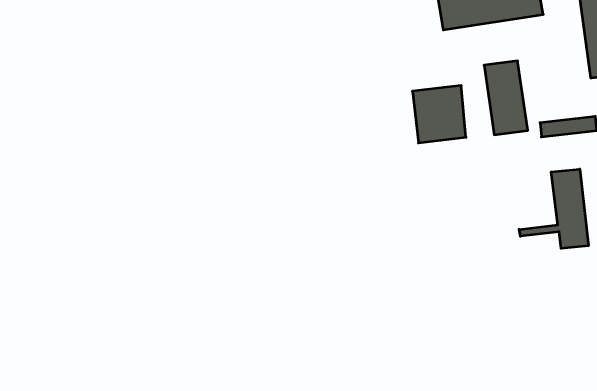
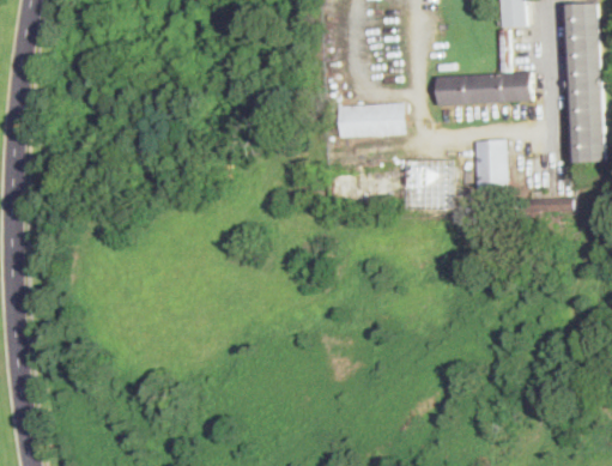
building: none -> [338,103,405,138]
building: [519,169,588,248] -> none

